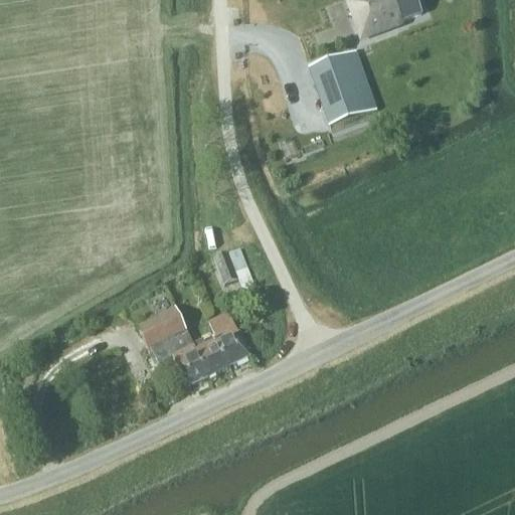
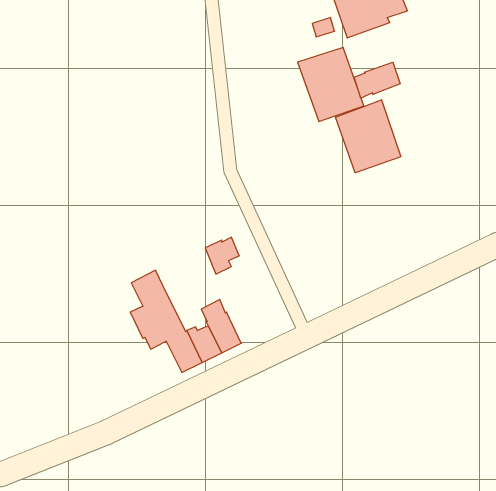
building: none -> [354,62,400,98]
building: none -> [336,100,401,173]

